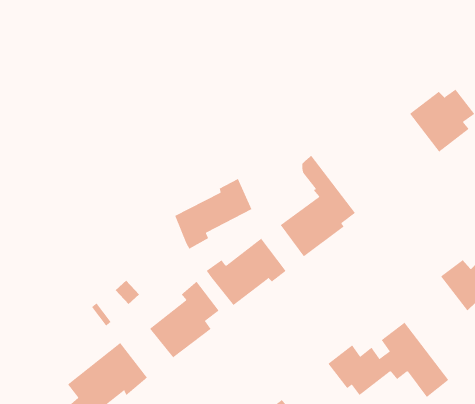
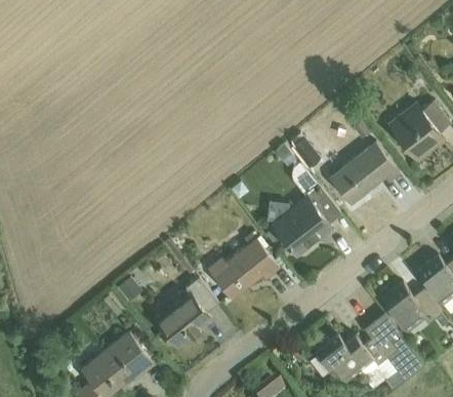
building: none -> [328,142,398,203]
building: [175,178,252,249] -> none
building: none -> [381,283,441,331]

